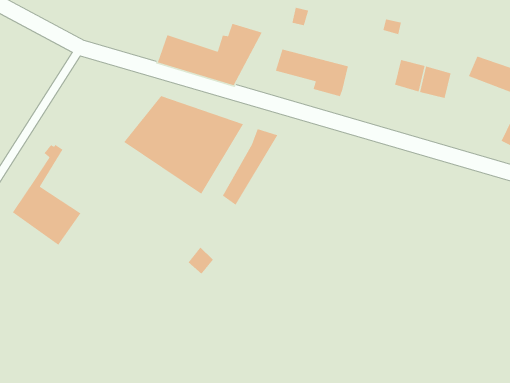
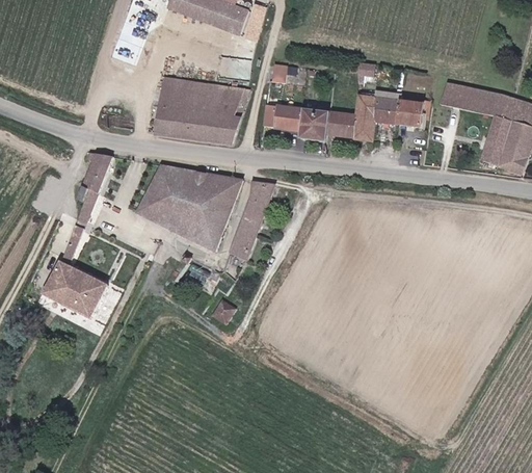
building: none -> [159,79,217,115]
building: none -> [329,95,378,141]
building: none -> [73,152,112,226]

